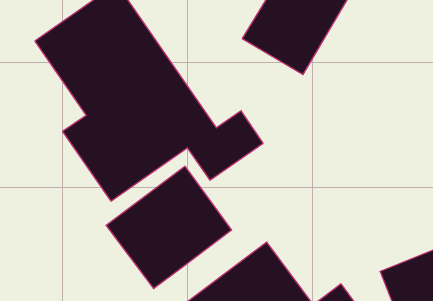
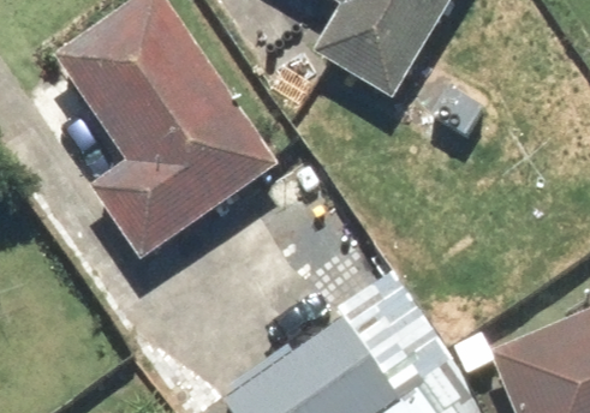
building: [106,166,232,289] -> none

